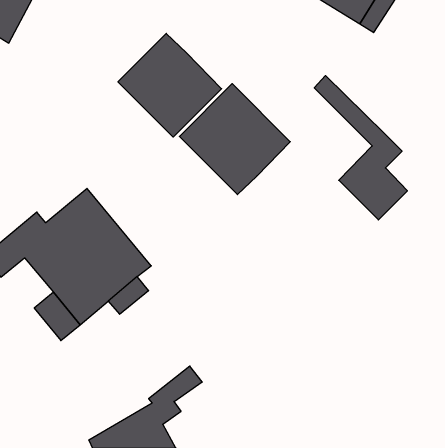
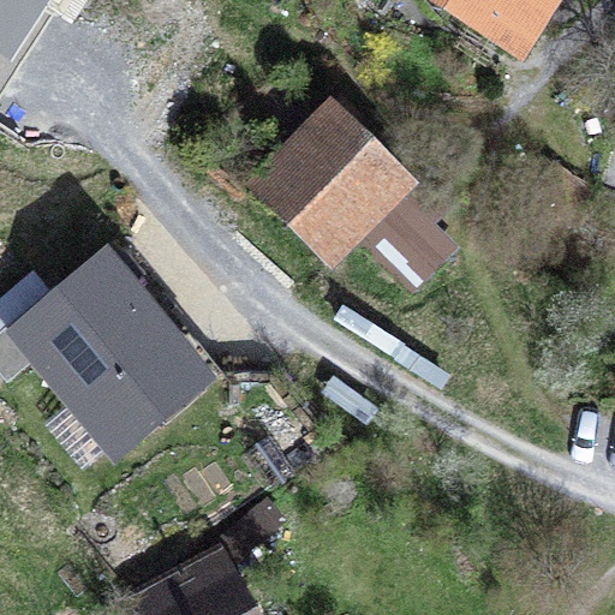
building: [118,33,222,137] -> none
building: [314,76,407,220] -> [317,97,444,294]

